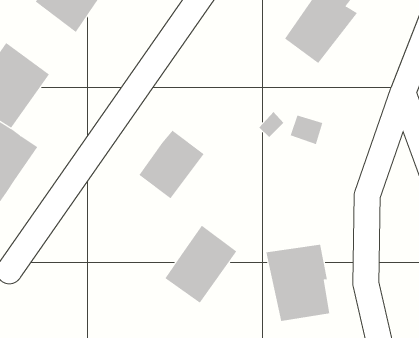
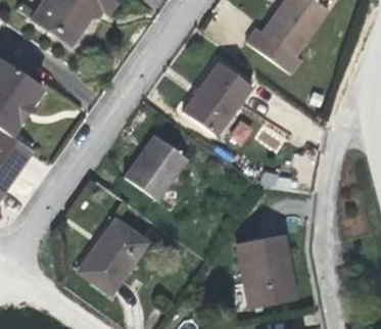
building: none -> [186,58,253,132]
building: [164,225,237,303] -> [81,219,145,288]

